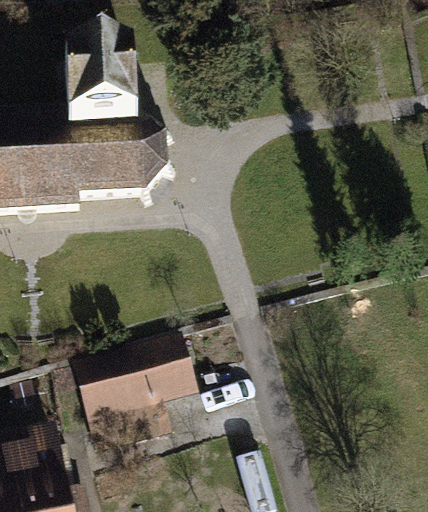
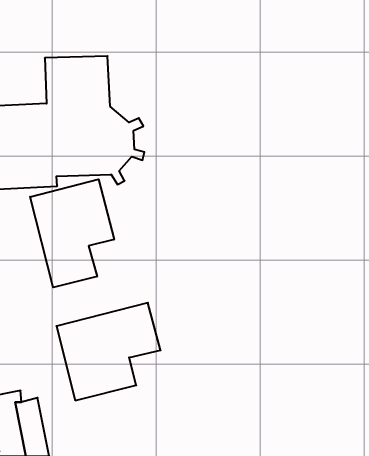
building: none -> [30,179,114,287]

